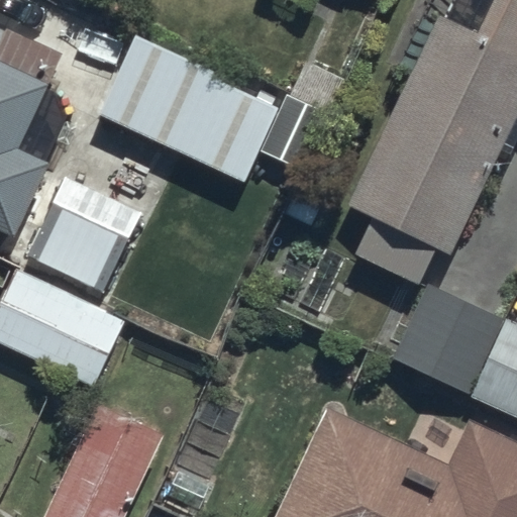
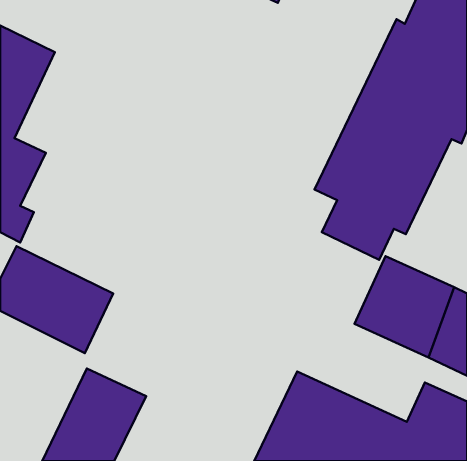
building: [99,35,273,176] -> none
building: [29,177,141,292] -> none

